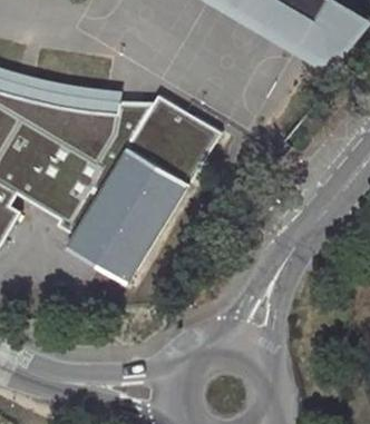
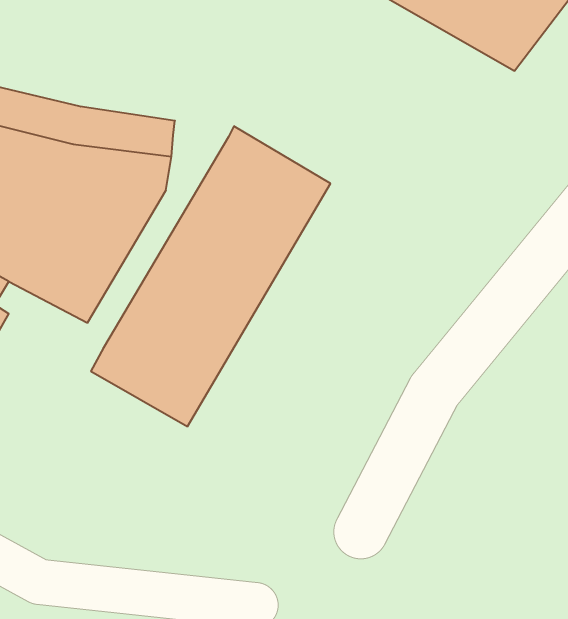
building: [61,103,153,236] -> none

